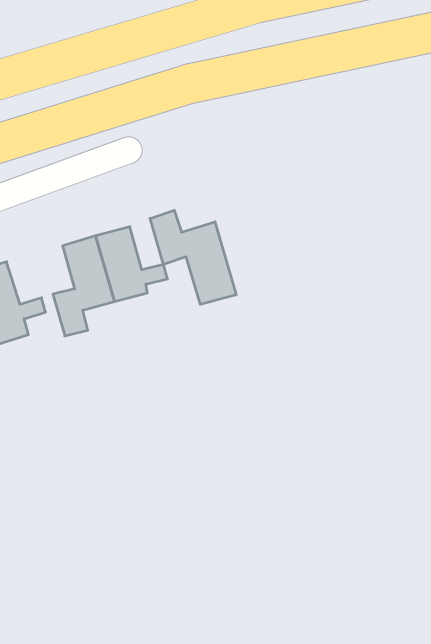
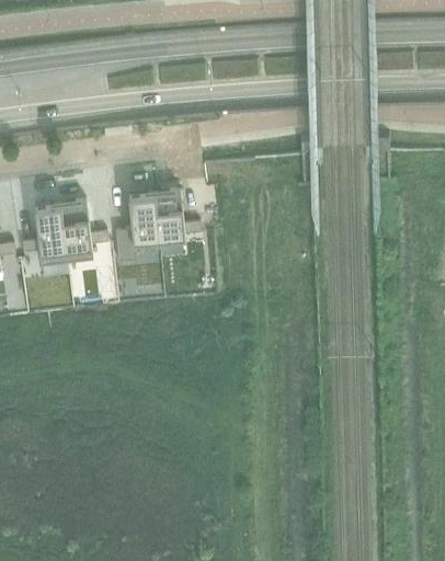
building: [150,210,236,304] -> none

